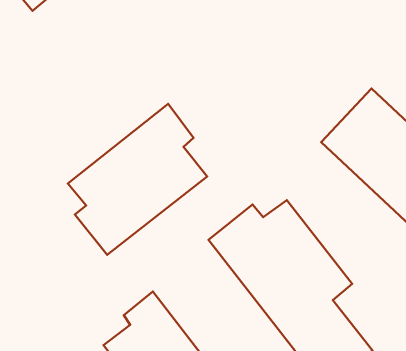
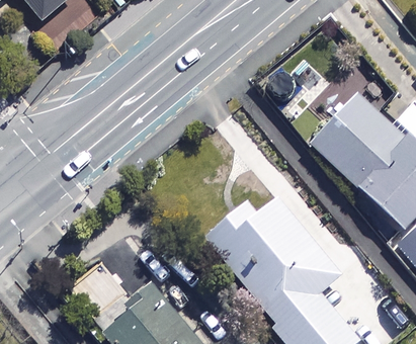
building: [68,104,207,255] -> none

